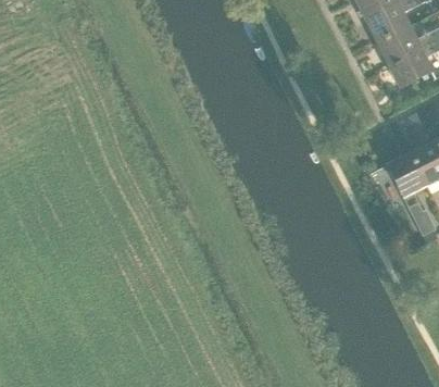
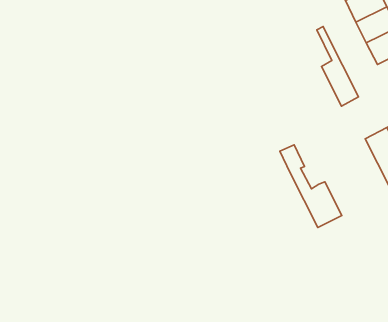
building: none -> [317,26,358,106]
building: none -> [280,145,342,228]

